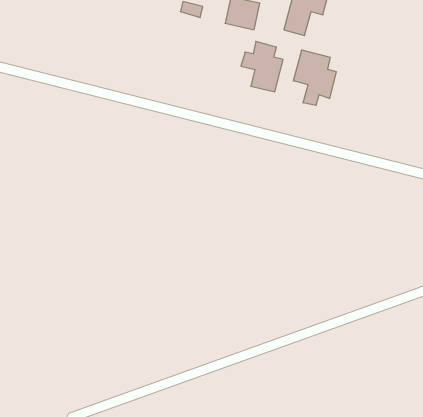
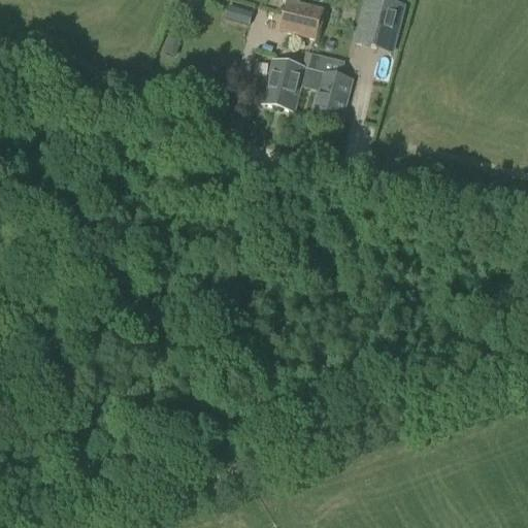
building: none -> [261,57,305,108]
building: [293,50,336,105] -> none

